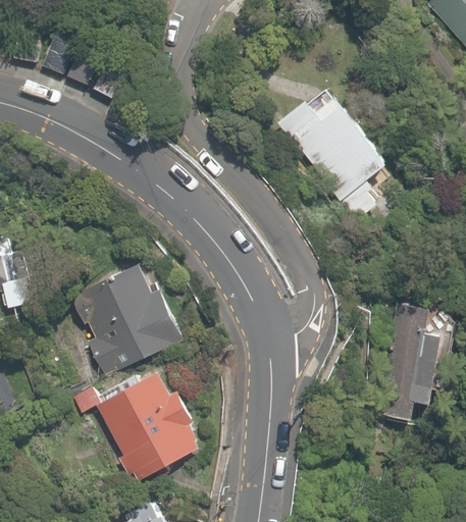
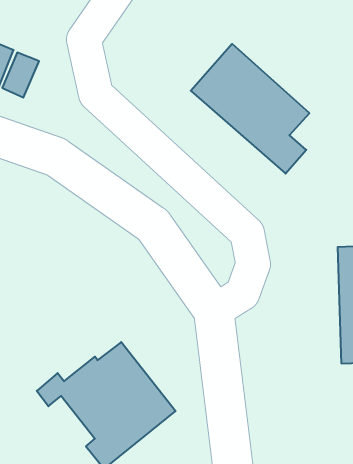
building: [66,258,186,375] -> none

